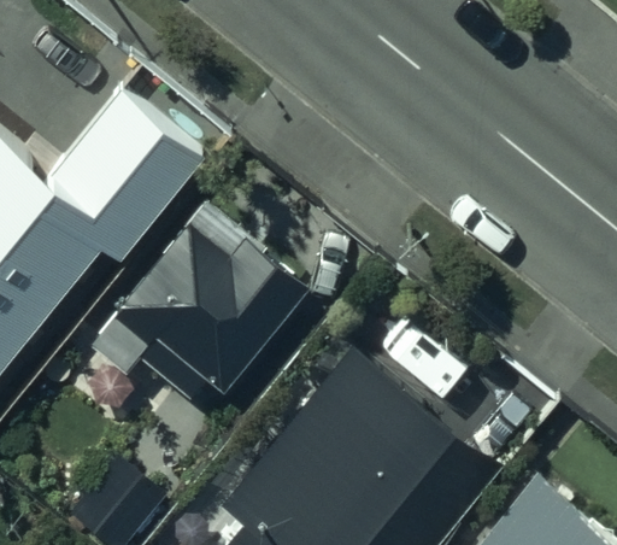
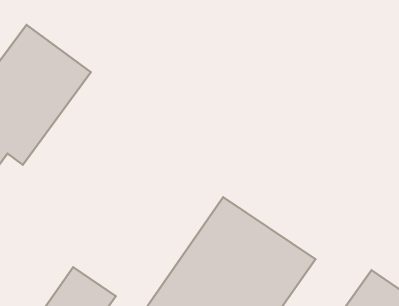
building: [114,206,308,402] -> none

